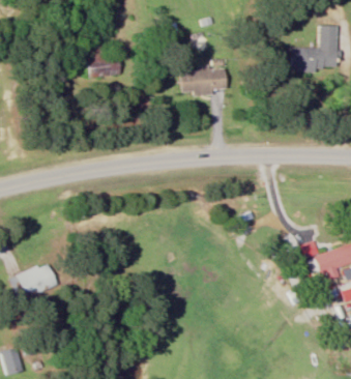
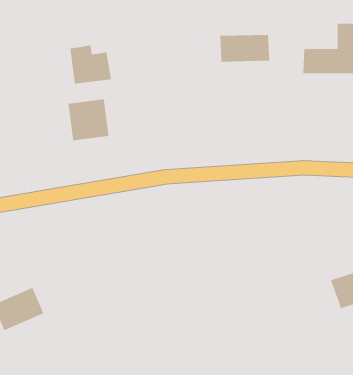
building: [181,67,227,92] -> [220,34,270,62]
building: none -> [68,99,109,141]

